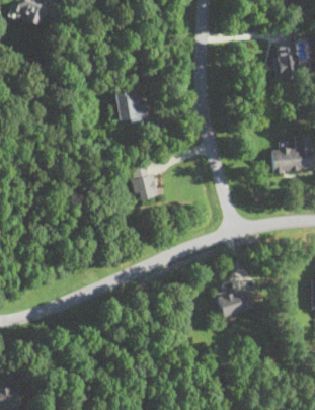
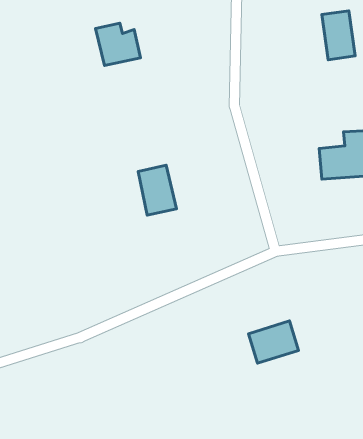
building: [113,90,149,124] -> [96,23,141,66]

